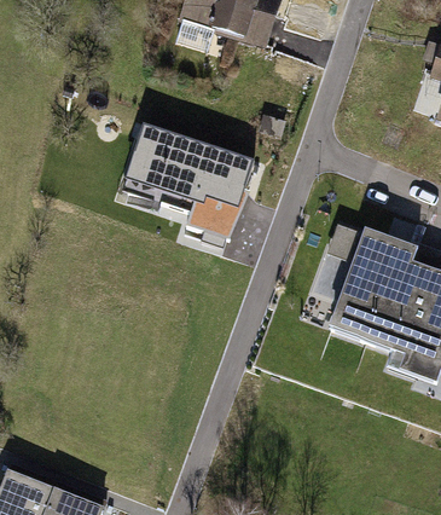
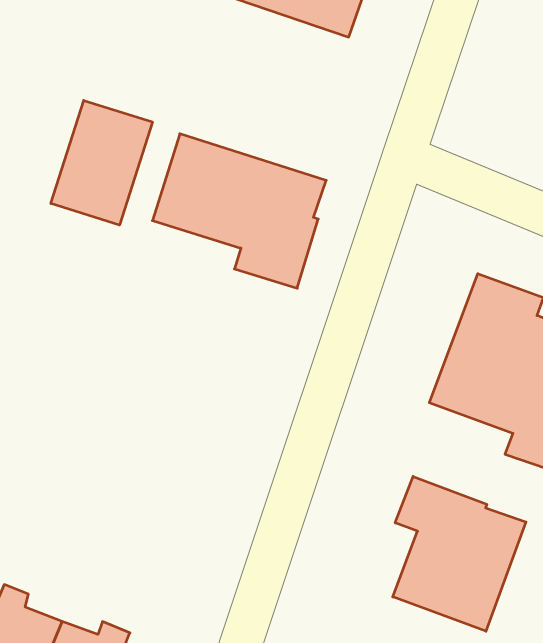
building: none -> [51,100,152,225]
building: none -> [393,476,526,631]

